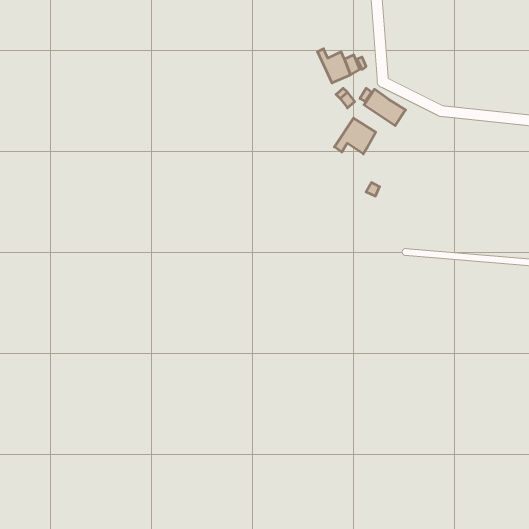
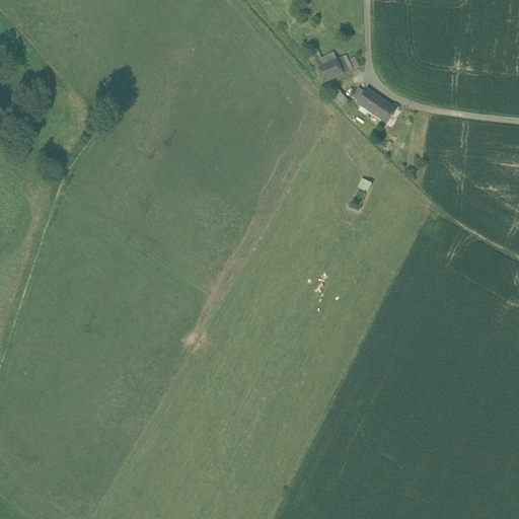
building: [334,118,376,154] -> none

